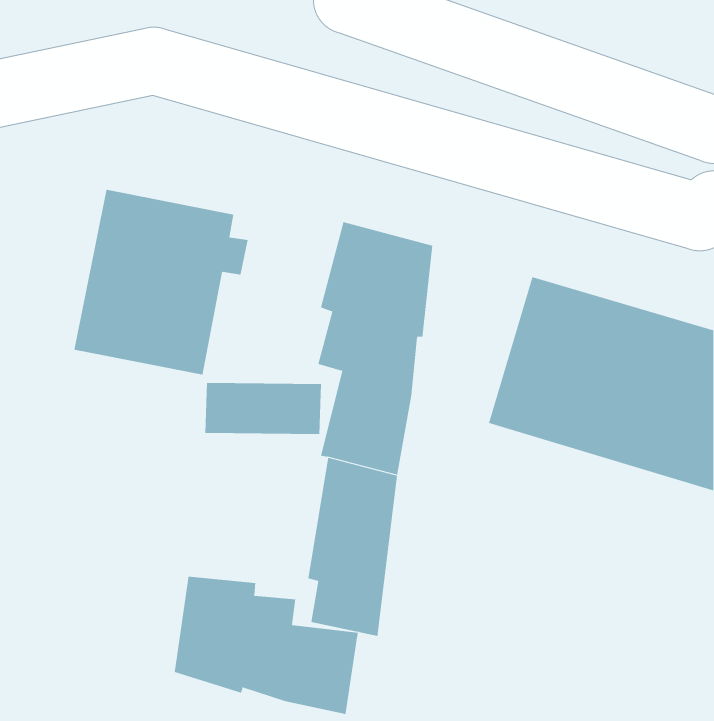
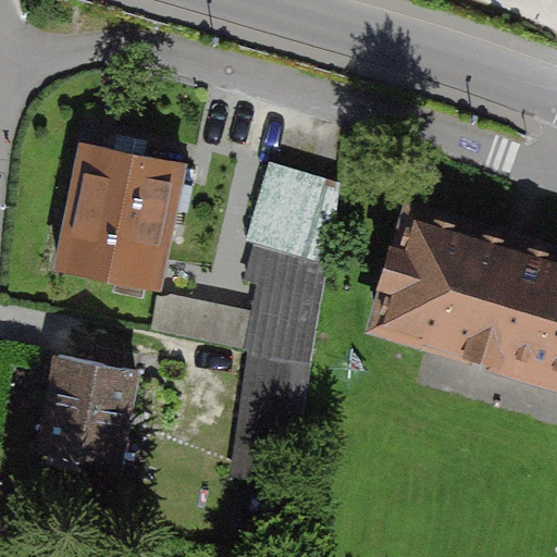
building: none -> [37,358,135,469]
building: [174,576,359,715] -> none

